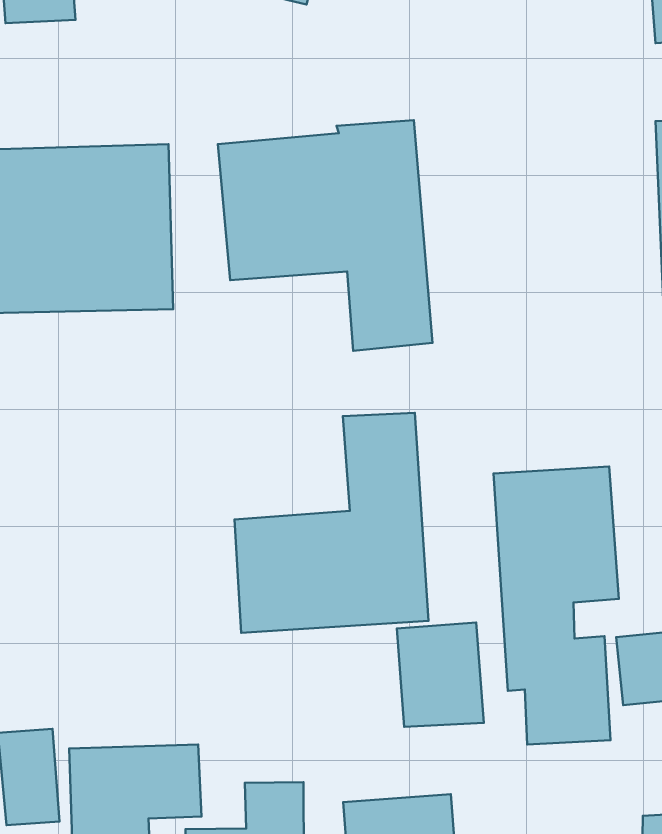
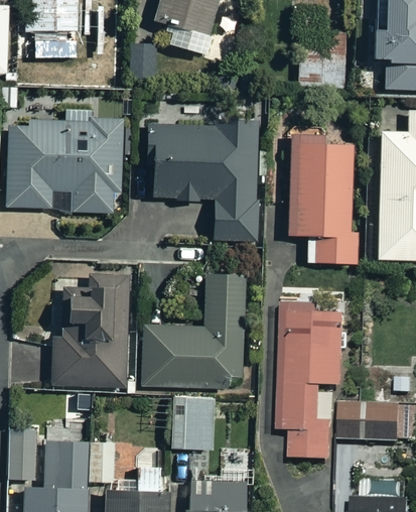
building: none -> [290,130,359,264]
building: none -> [50,274,129,387]
building: [397,622,484,727] -> [171,395,214,449]

